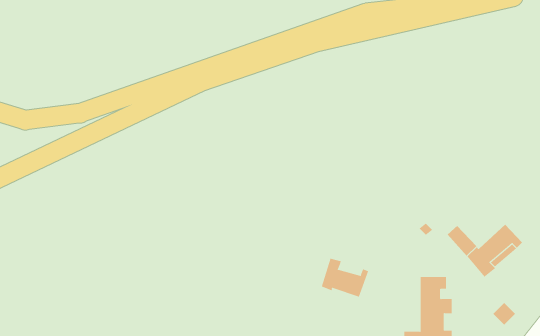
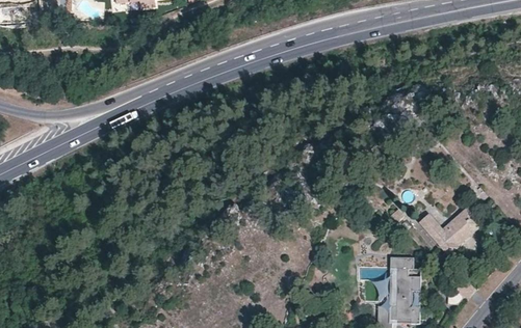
building: [321,258,369,297] -> none

